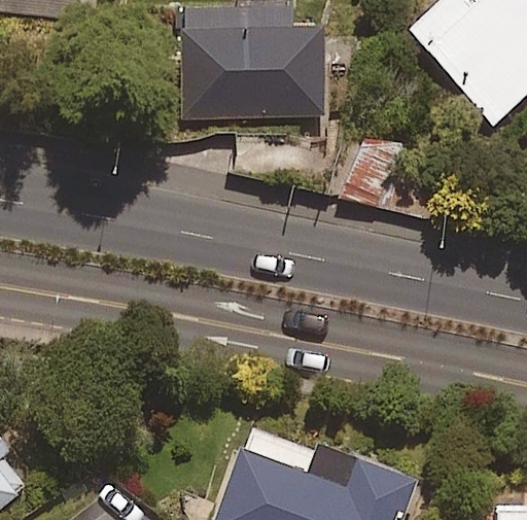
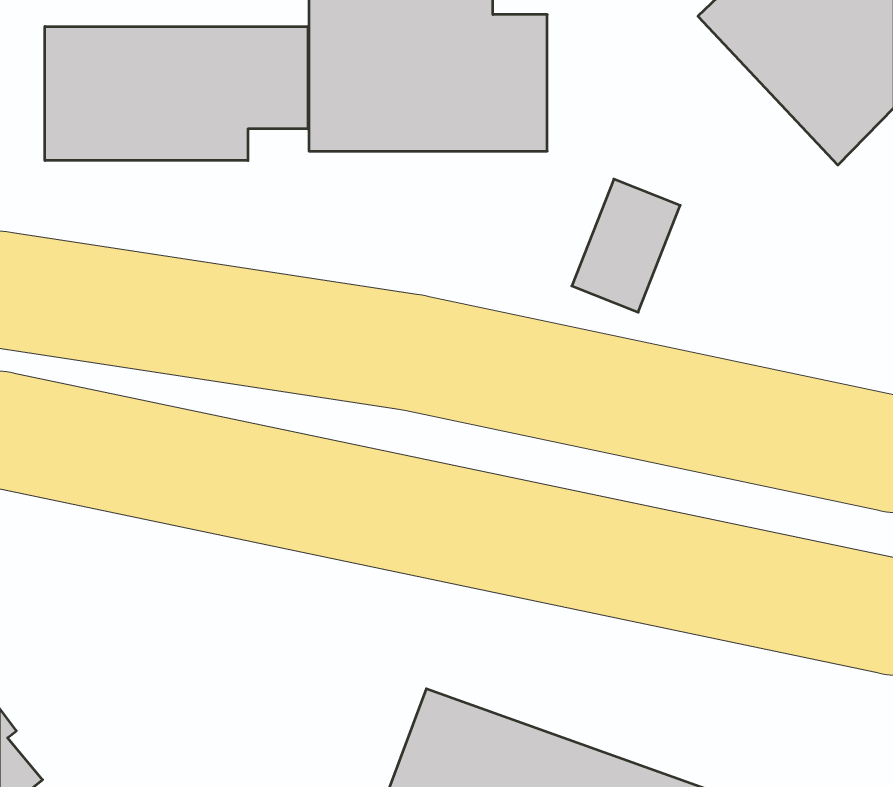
building: none -> [45,26,308,161]

